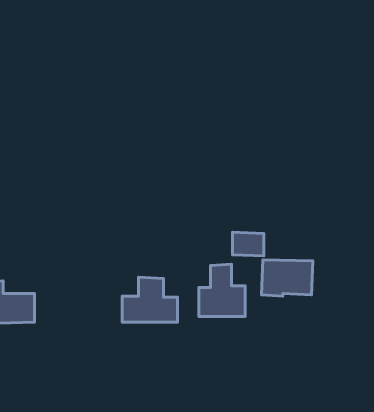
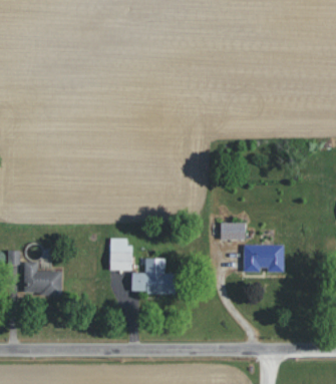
building: none -> [110,238,131,271]
building: [199,264,245,317] -> none

